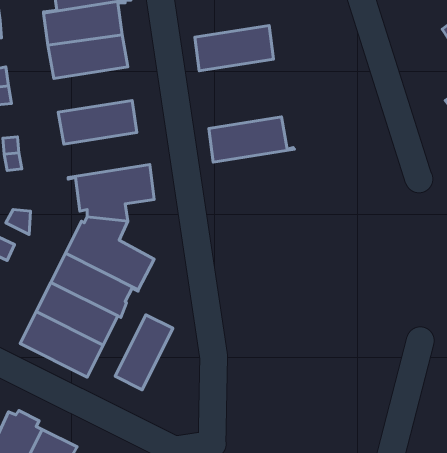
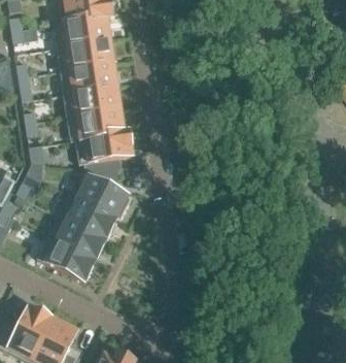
building: [195,26,273,71] -> [60,61,115,93]
building: [209,117,294,162] -> [67,107,128,139]
building: [115,315,173,390] -> none

